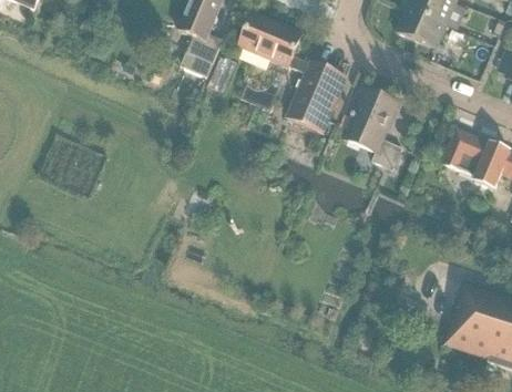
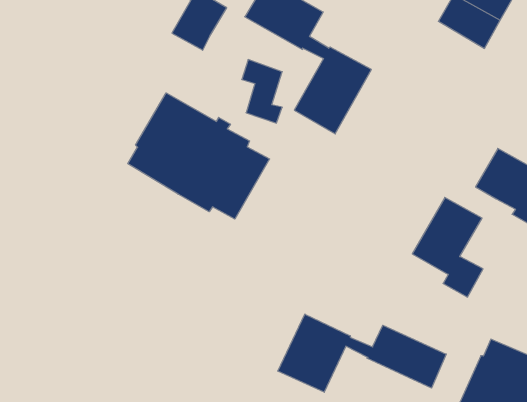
building: [345,90,403,168] -> [412,197,483,297]
building: none -> [128,93,270,219]
building: none -> [278,314,446,392]

